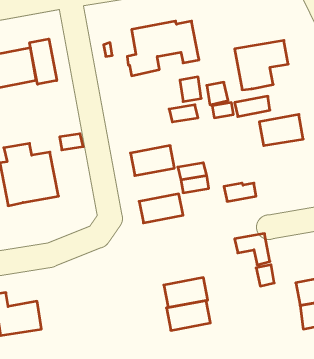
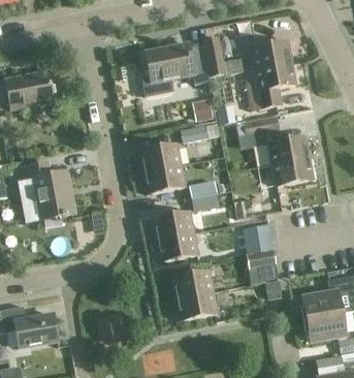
building: none -> [201,37,291,77]
building: [30,39,57,84] -> none
building: none -> [139,143,182,171]
building: none -> [271,158,314,186]
building: none -> [244,224,272,253]
building: none -> [156,231,198,261]
building: [166,300,210,330] -> [171,270,214,298]

